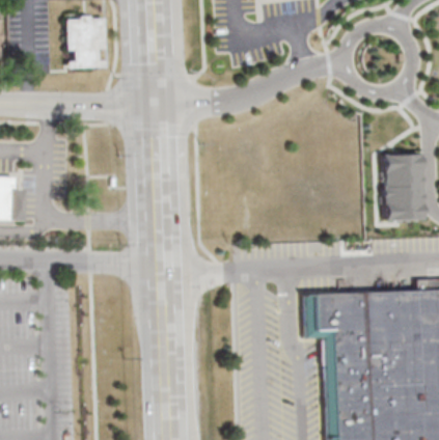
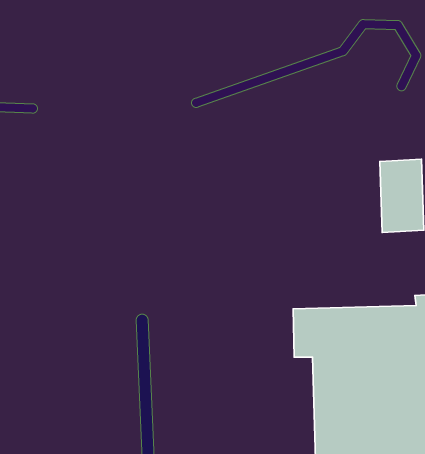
building: [67,16,105,67] -> none

